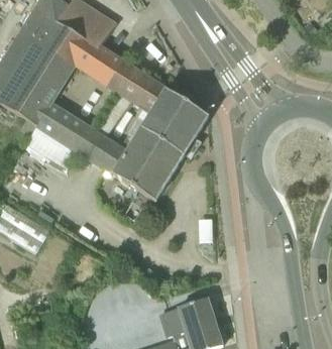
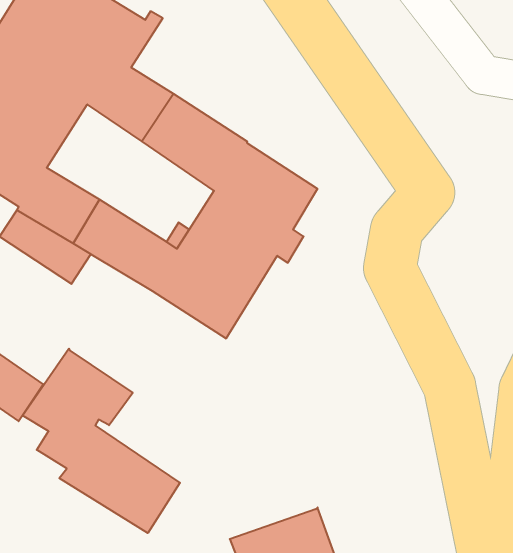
building: none -> [22,349,180,533]

